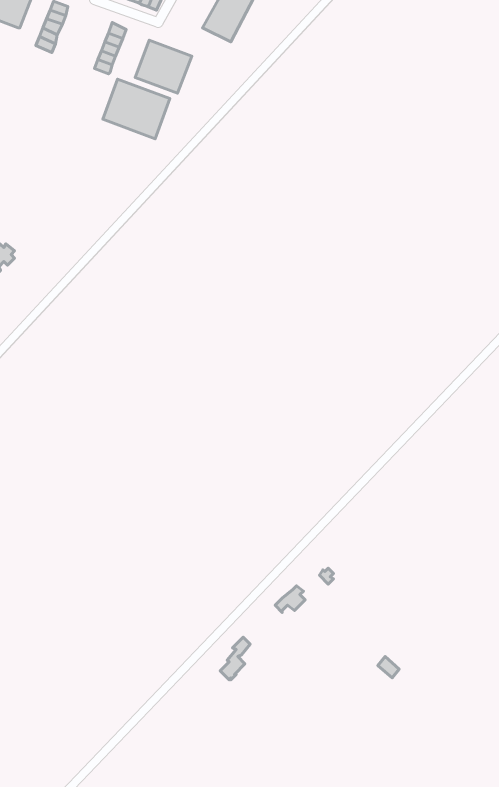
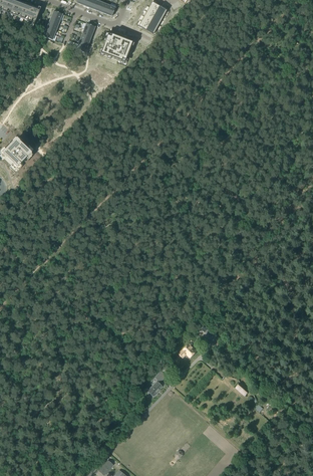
building: [103,79,170,139] -> none

